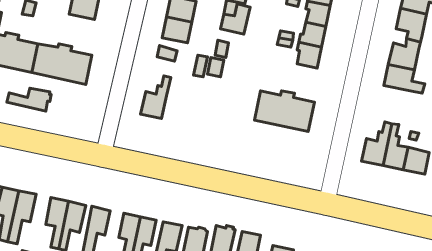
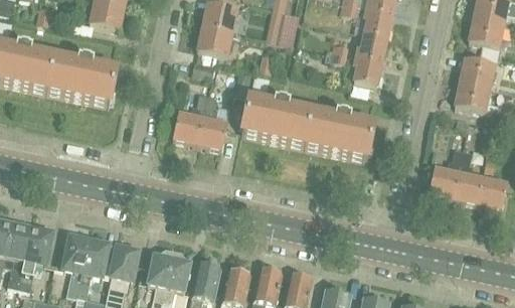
building: none -> [197,95,227,147]
building: none -> [242,97,312,144]
building: [7,88,51,111] -> none

